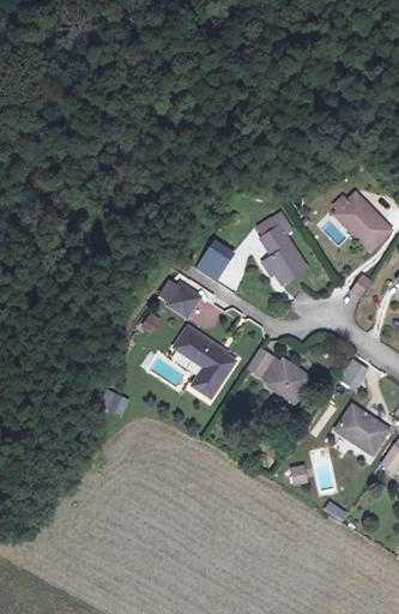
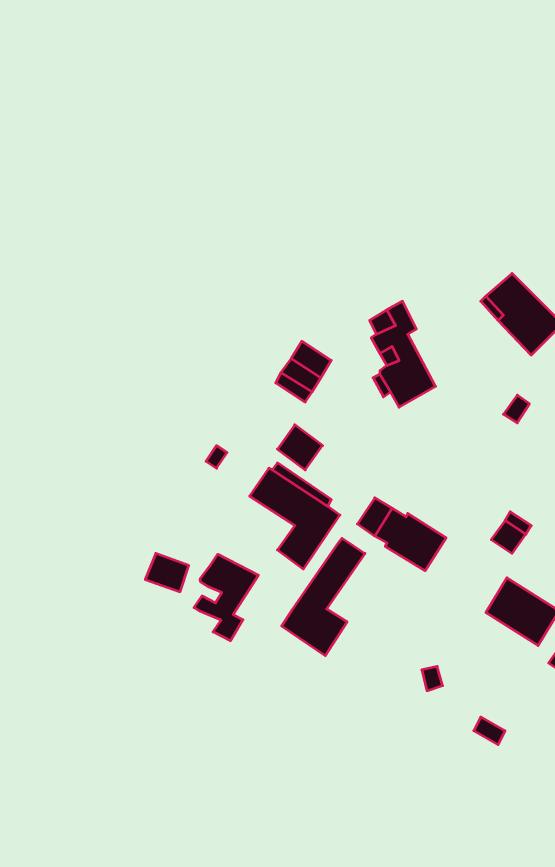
building: [168,284,200,315] -> none
building: none -> [282,538,365,656]
building: none -> [194,554,258,641]

